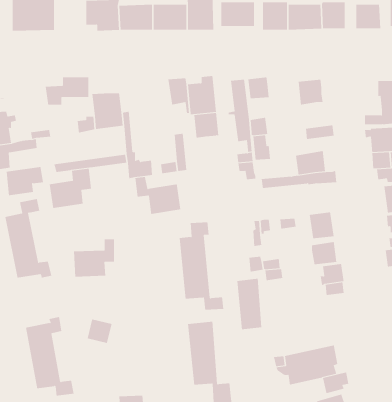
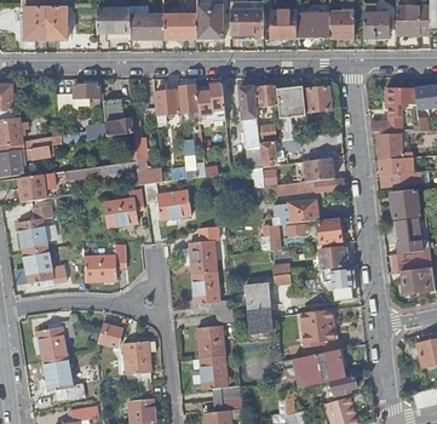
building: none -> [277,88,306,114]
building: [193,112,219,138] -> [155,88,180,114]
building: [49,168,92,209] -> [104,187,146,227]
building: none -> [275,200,318,223]
building: none -> [307,308,340,345]
building: none -> [123,340,151,393]

